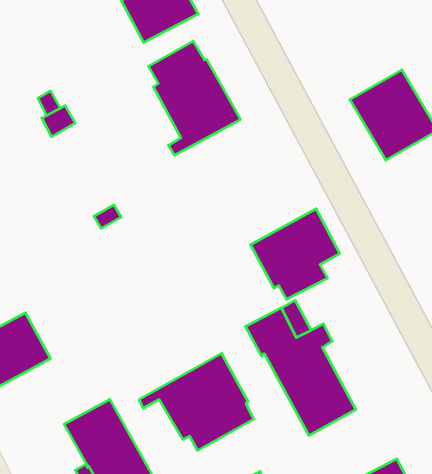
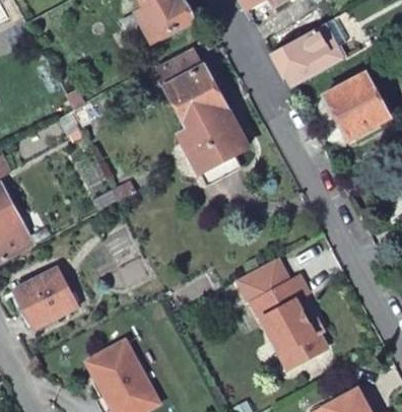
building: none -> [270,27,344,86]
building: [250,209,340,299] -> [178,110,251,184]
building: [139,353,254,450] -> none

